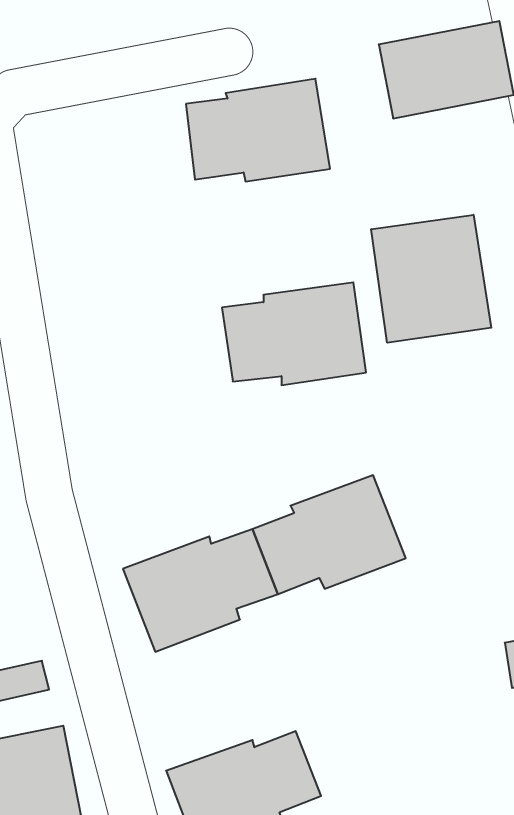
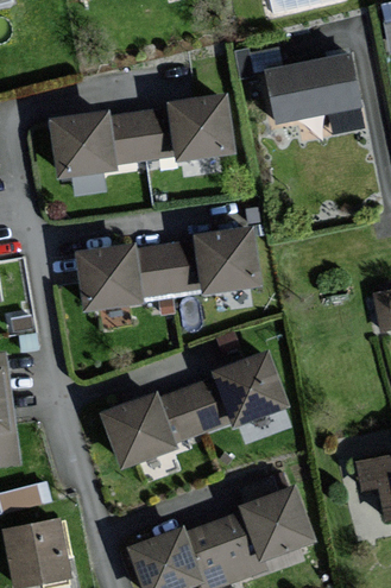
building: none -> [51,107,147,177]
building: [371,215,491,343] -> none
building: none -> [76,241,172,311]
building: none -> [214,486,315,564]

